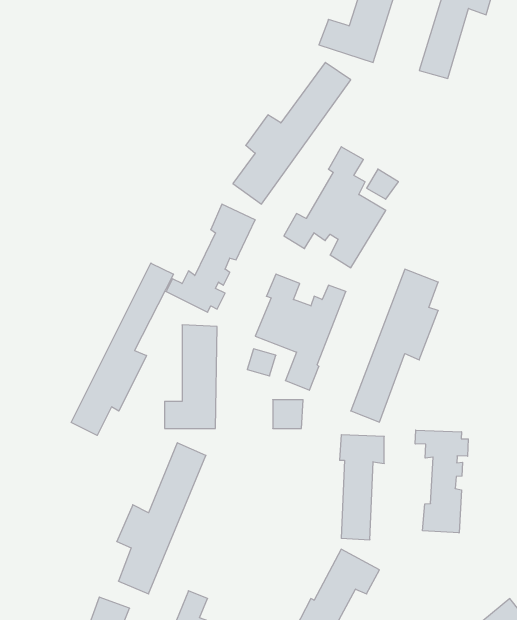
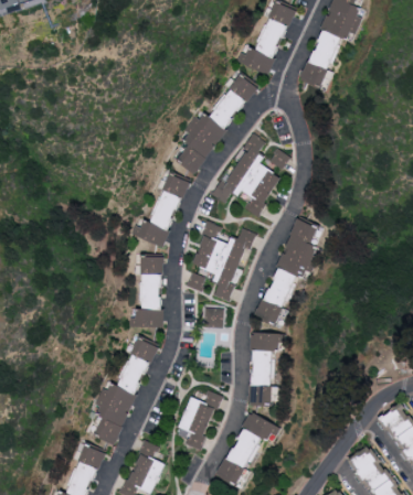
building: [71,263,173,435] -> none
building: [415,430,468,533] -> none
building: none -> [176,391,222,451]

